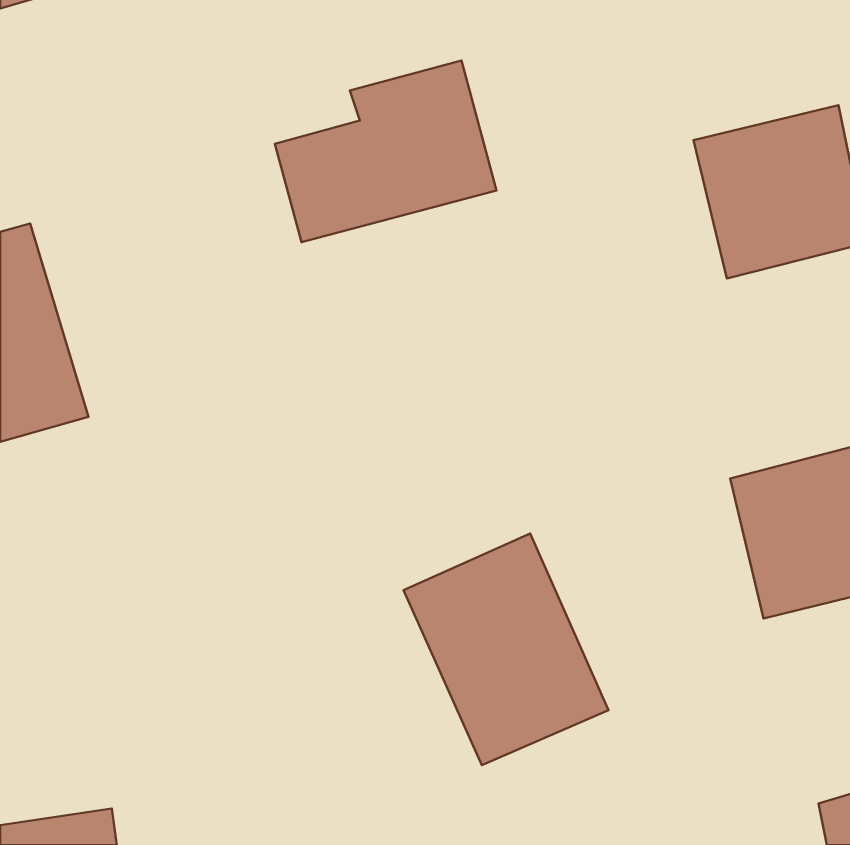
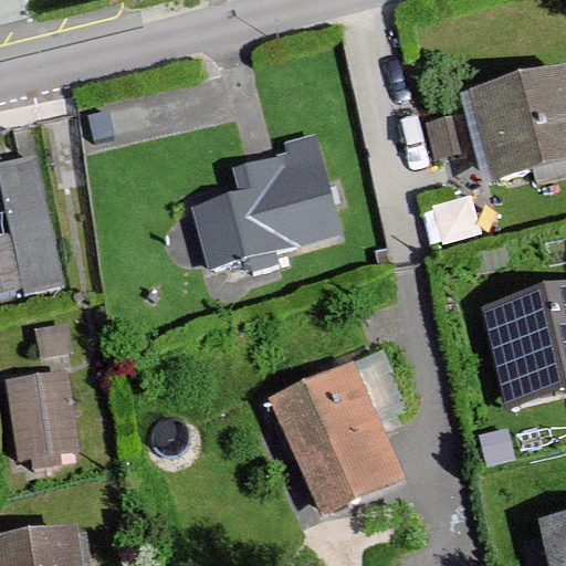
building: [275,61,496,242] -> [190,146,337,266]
building: none -> [9,376,74,459]

